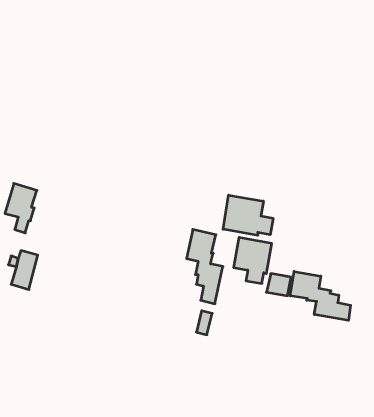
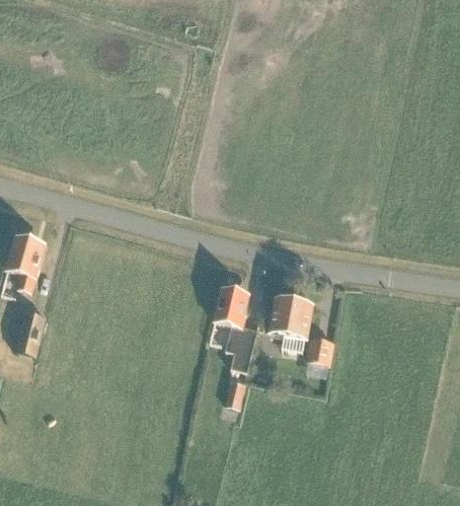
building: [223,195,273,235] -> none
building: [290,271,351,320] -> none

